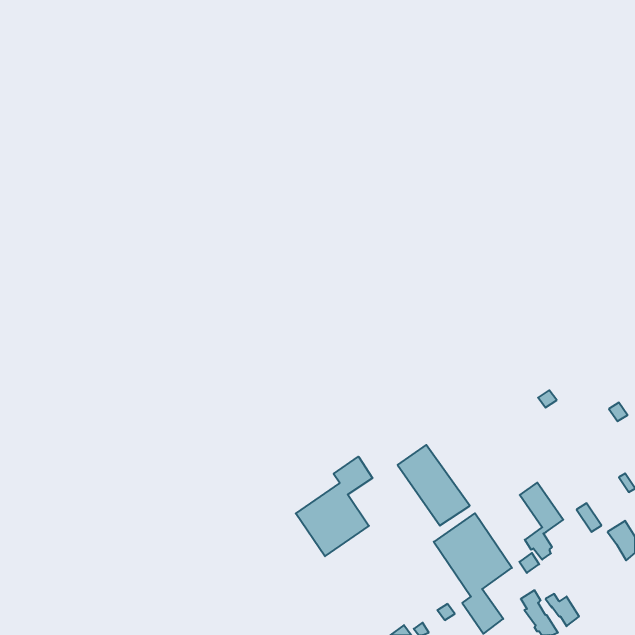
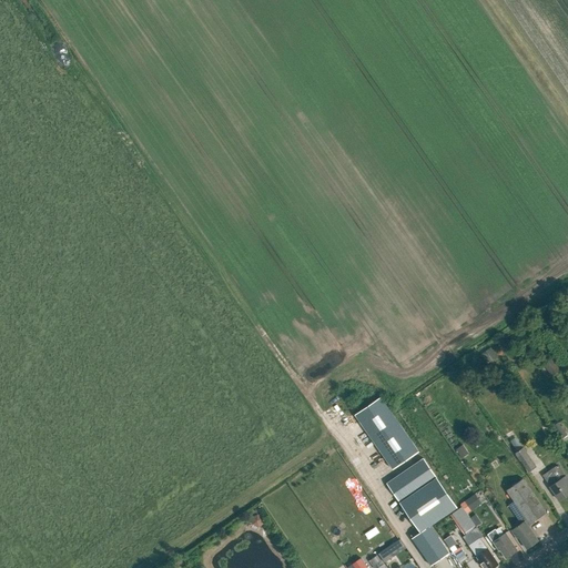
building: [296,457,372,556] -> none
building: [520,483,563,560] -> [507,479,546,548]

